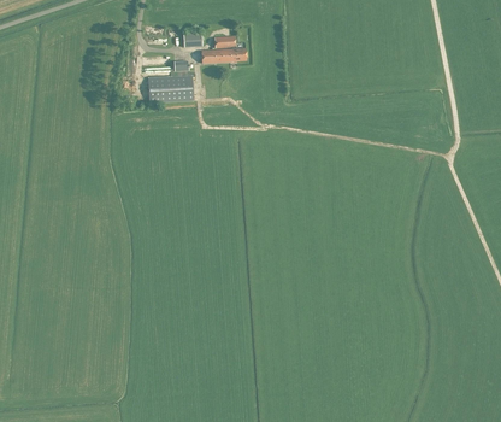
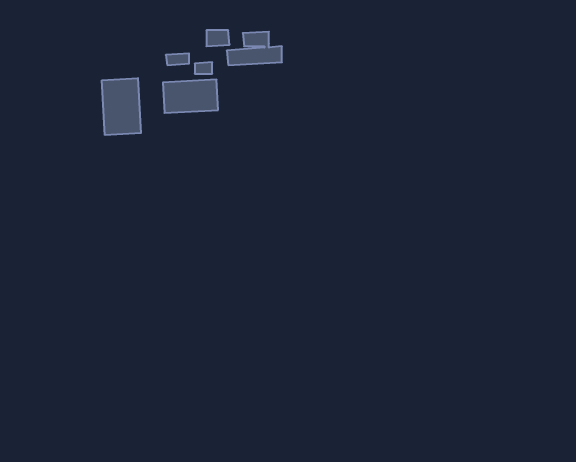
building: none -> [102,78,141,135]

